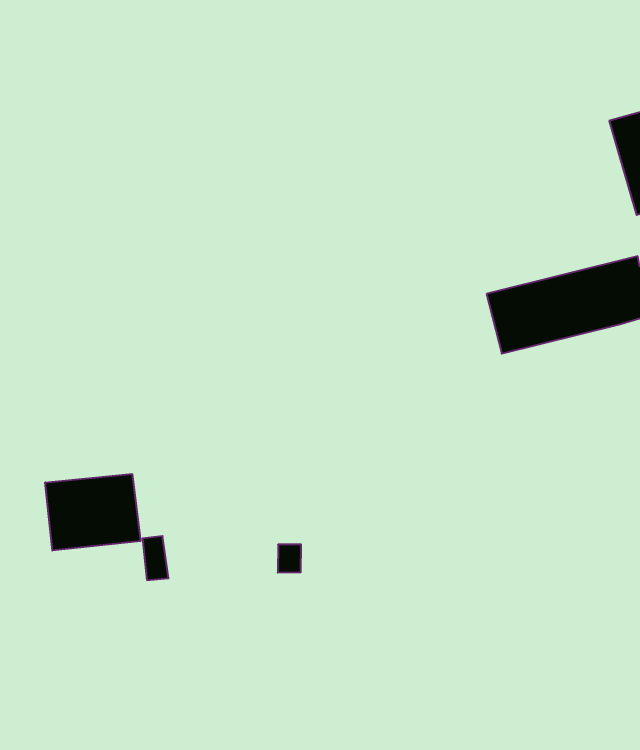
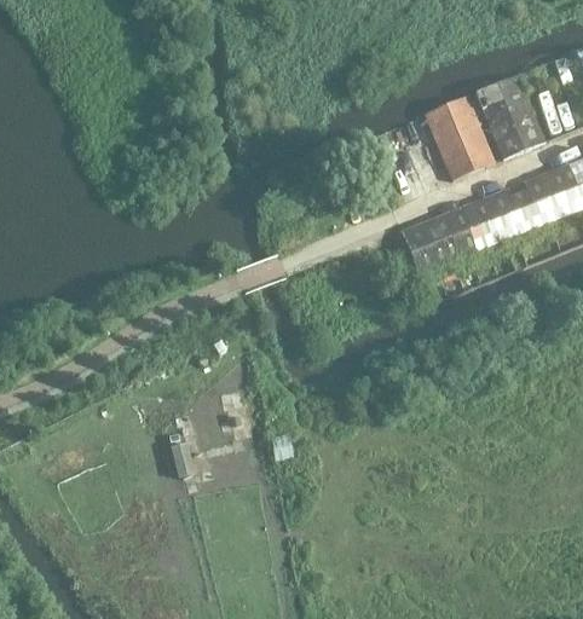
building: none -> [425,96,495,180]
building: [45,474,141,551] -> none

